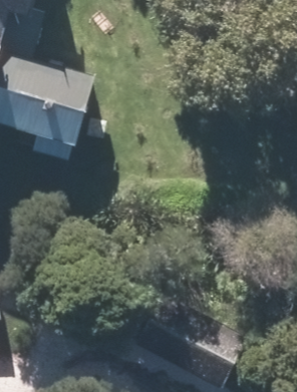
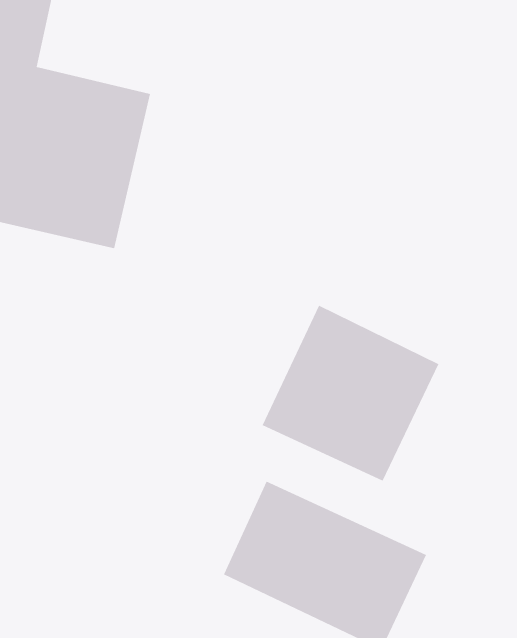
building: none -> [262,305,439,482]

